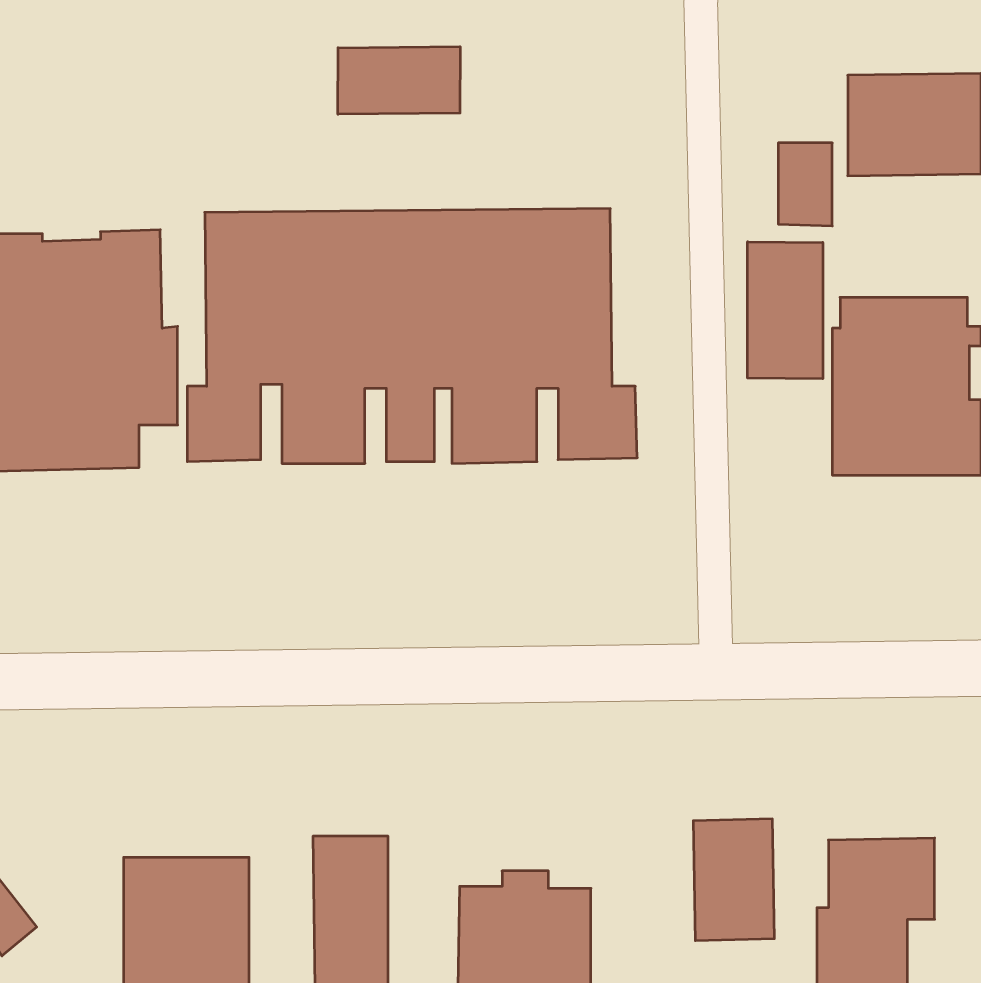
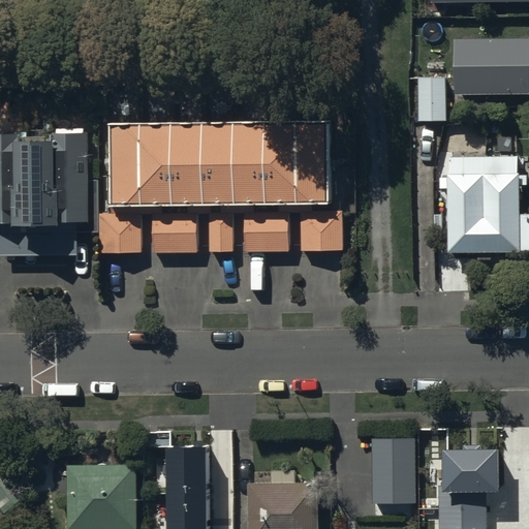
building: [338,47,460,114] -> none
building: [748,242,823,379] -> none

